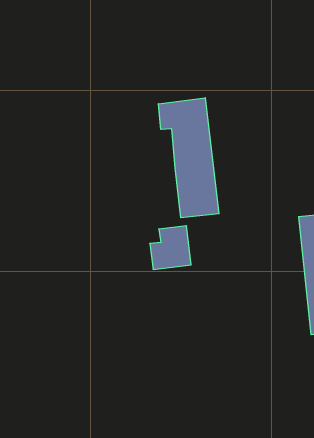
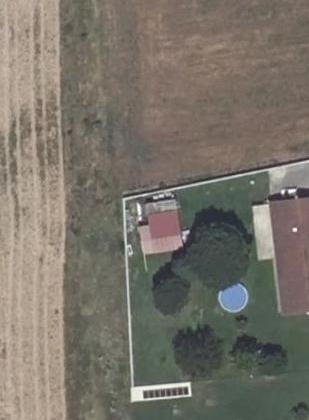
building: [158,98,219,218] -> none

